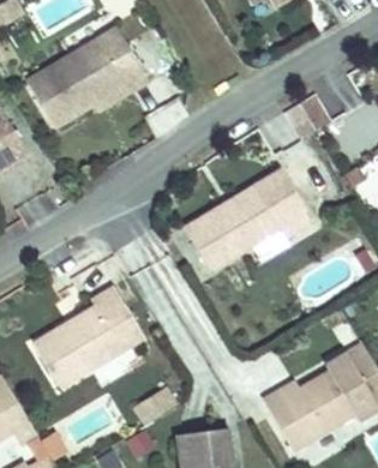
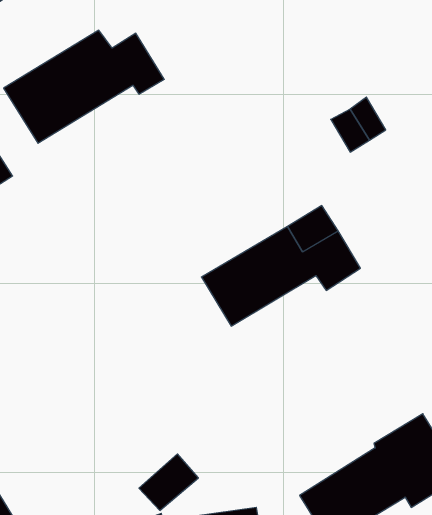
building: [34,290,143,390] -> none

